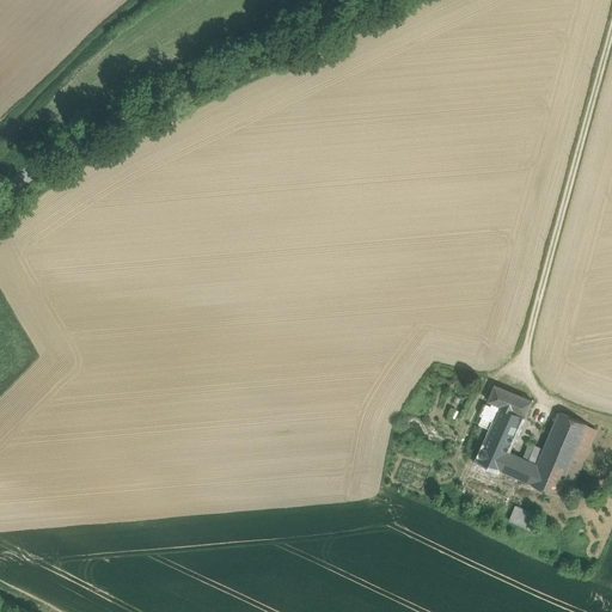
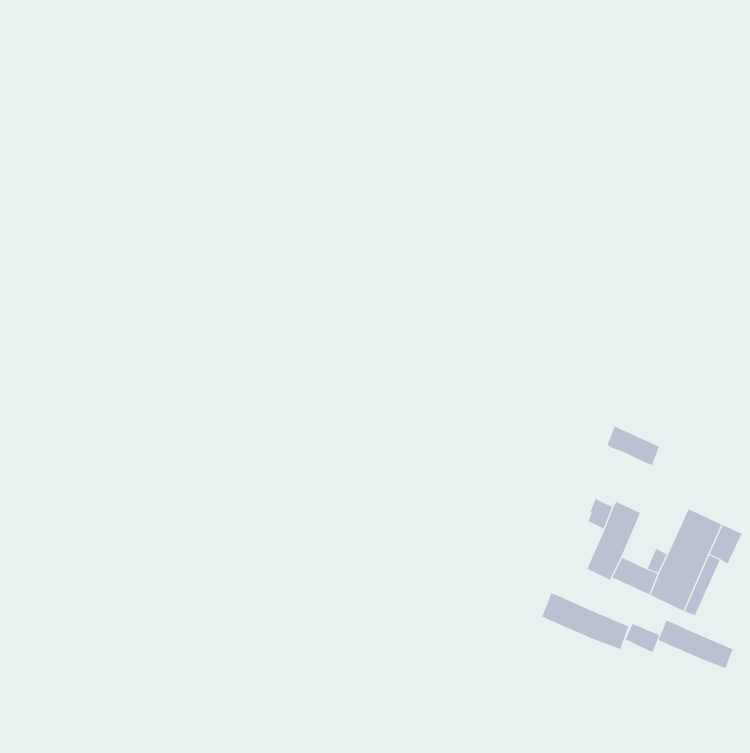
building: [486,385,530,417] -> [607,426,660,466]
building: none -> [542,592,629,650]
building: none -> [658,620,733,669]

